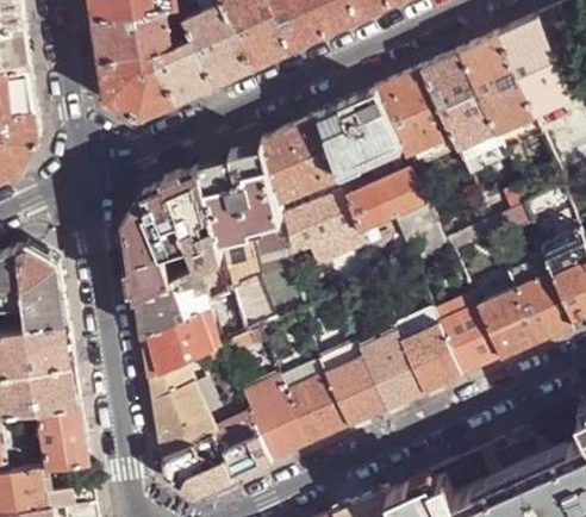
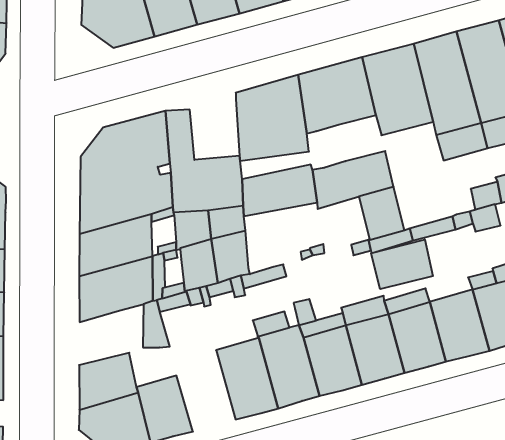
building: [359,142,406,189] -> none
building: [217,148,270,211] -> none
building: none -> [371,239,433,289]
building: [145,363,198,421] -> none
building: [237,379,306,466] -> none

